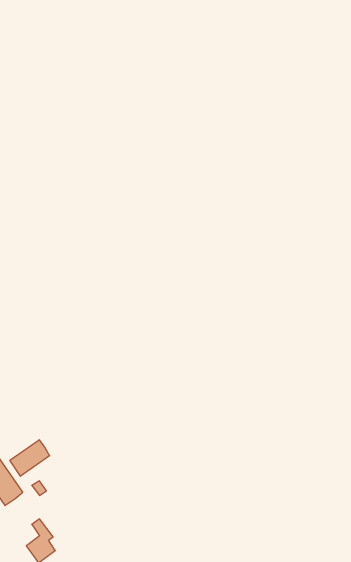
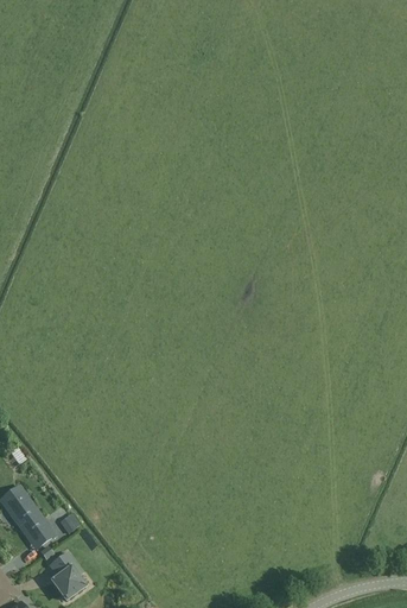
building: [10,440,50,476] -> none

